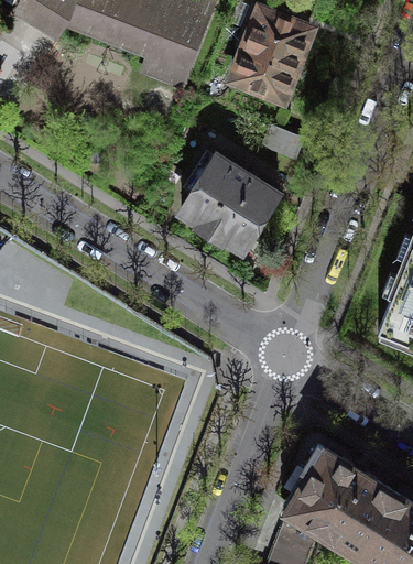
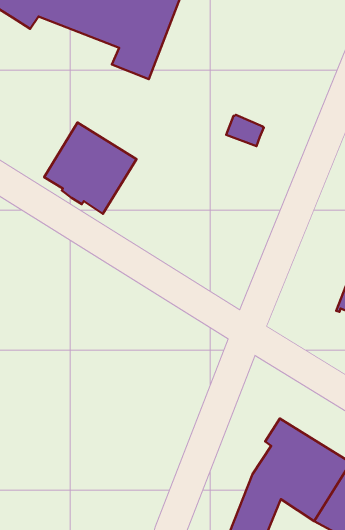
building: [232,10,311,99] -> none
building: [181,154,278,250] -> [44,123,136,214]

